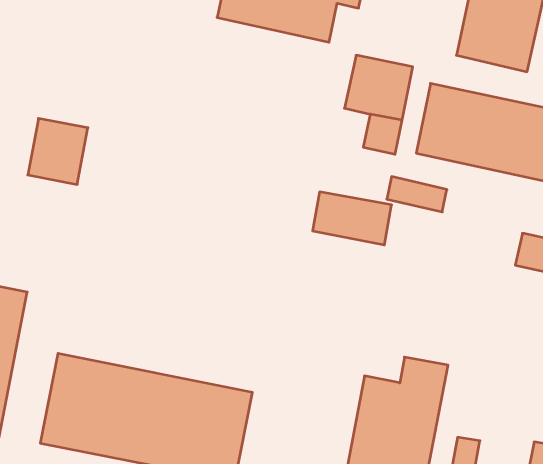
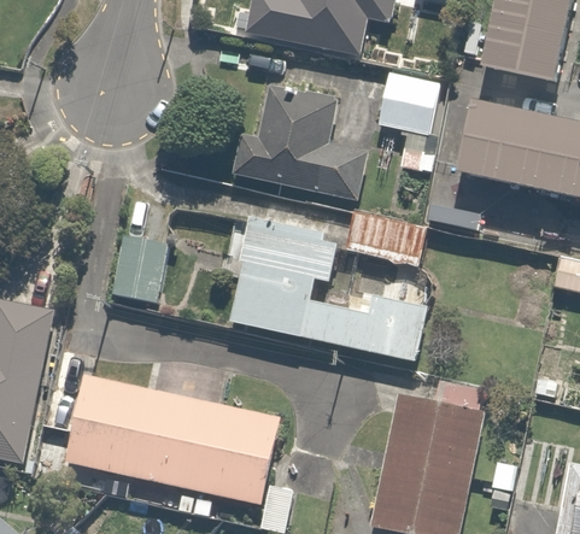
building: none -> [229,86,371,200]
building: [28,118,88,184] -> [111,235,172,303]
building: none -> [227,225,430,362]

